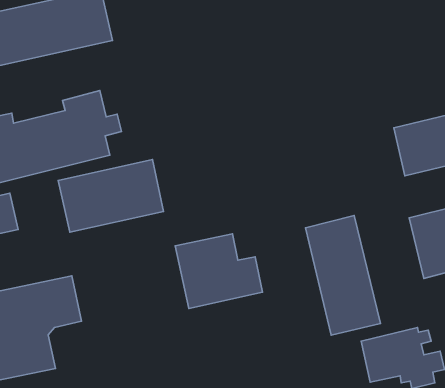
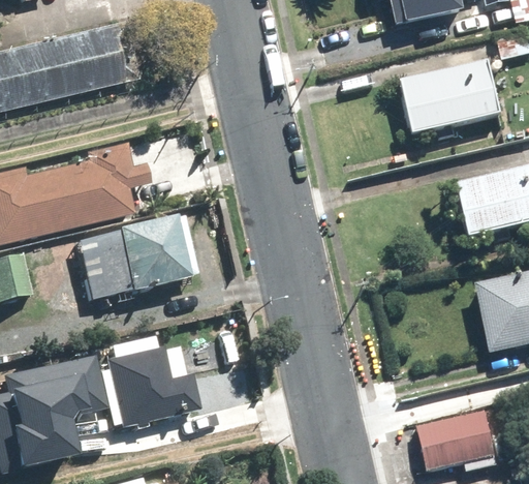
building: none -> [400,59,501,135]
building: [305,216,380,335] -> none
building: [175,234,262,308] -> [98,349,197,433]

